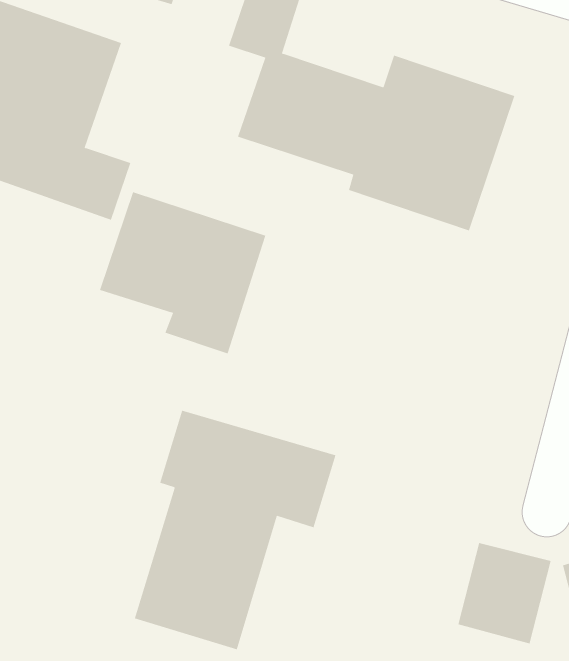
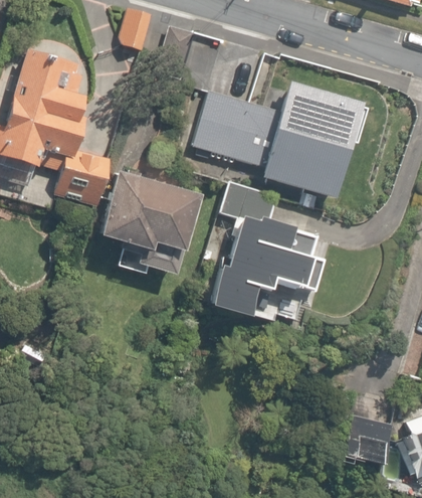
building: none -> [207,211,332,318]
building: [134,410,336,650] -> none

